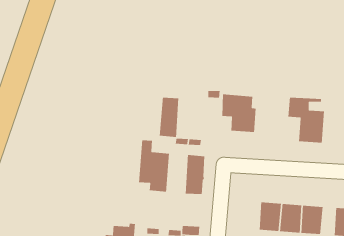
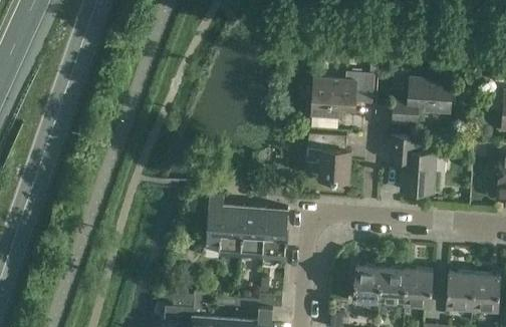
building: none -> [312,71,374,116]
building: none -> [392,78,452,124]
building: [159,97,179,138] -> [240,206,265,256]

